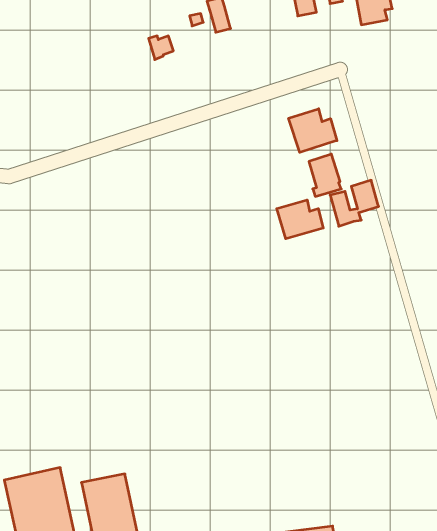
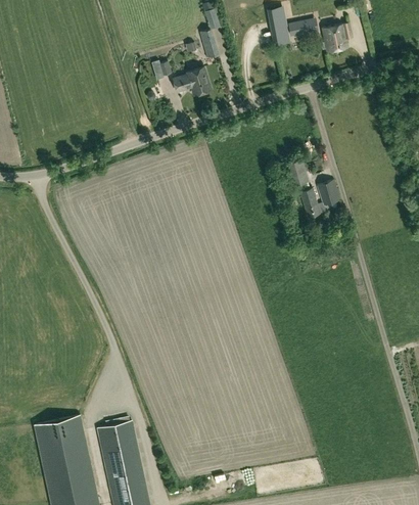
building: none -> [173,66,211,95]
building: [289,109,337,152] -> none
building: [277,200,323,239] -> none

